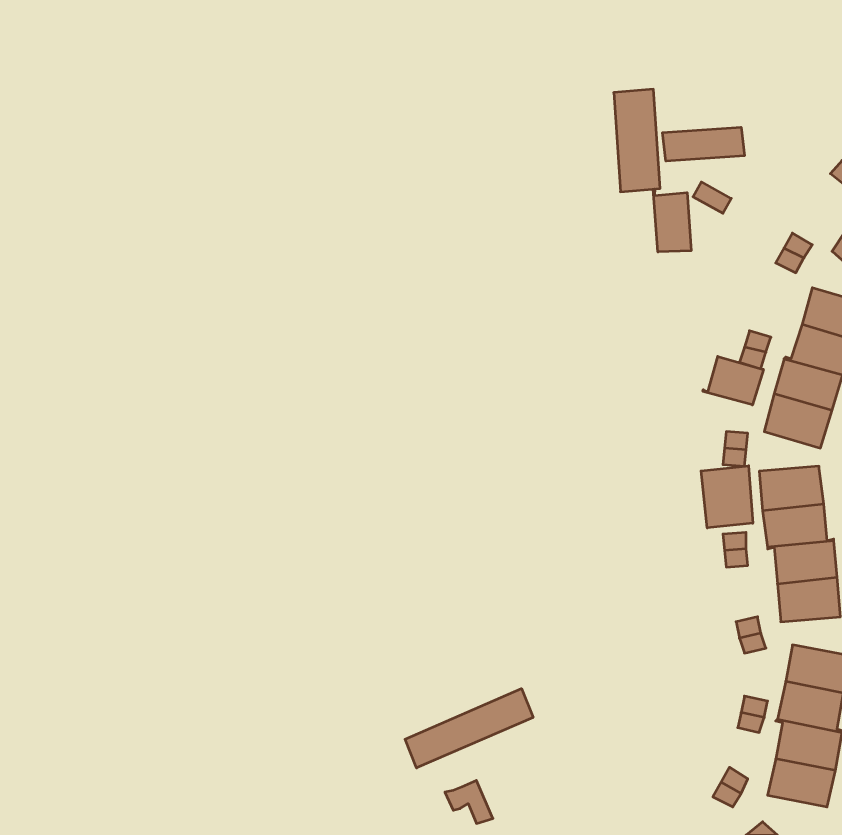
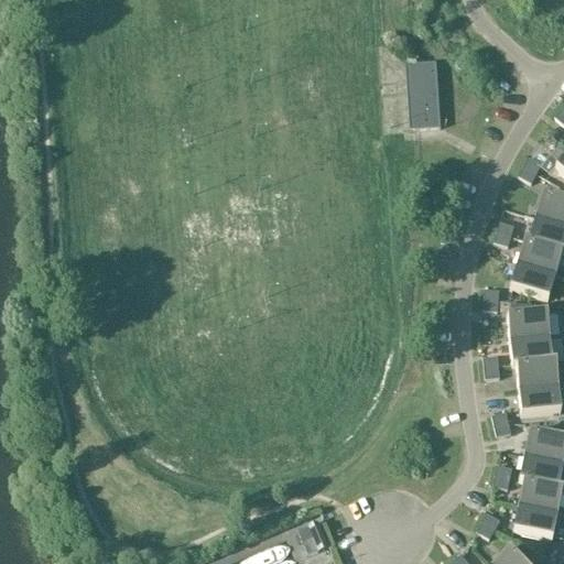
building: [663,127,744,161] -> none
building: [653,189,691,252] -> none
building: [703,356,763,405] -> none
building: [701,466,753,528] -> none
building: [405,689,533,768] -> none

